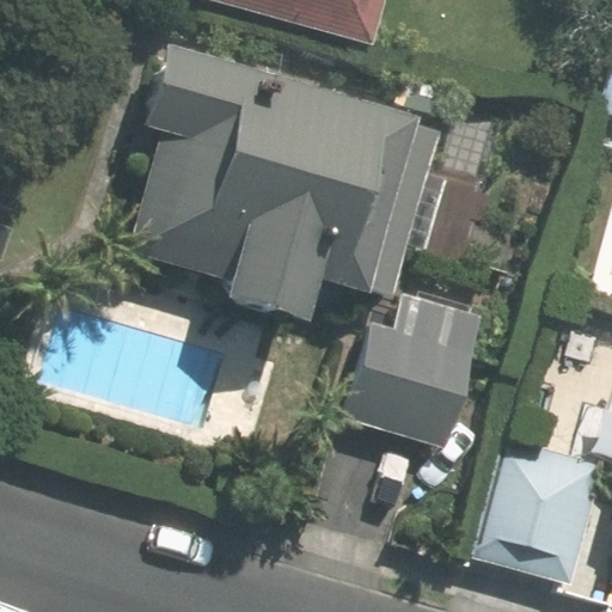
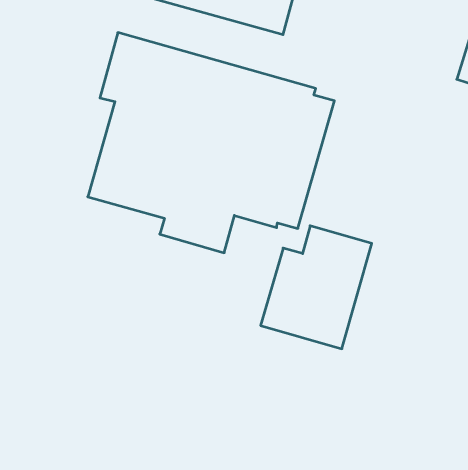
building: [479,440,606,585] -> none

